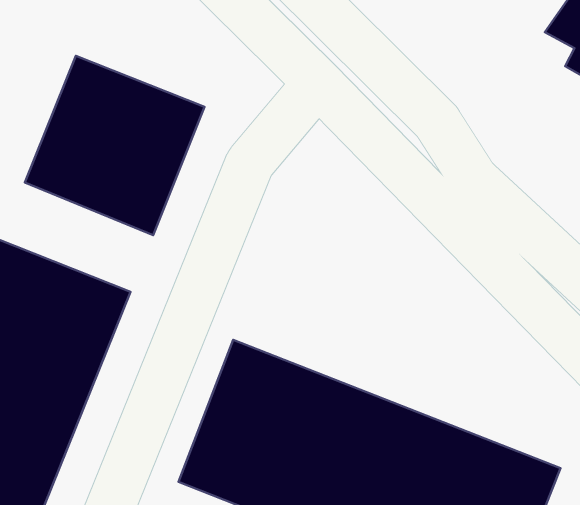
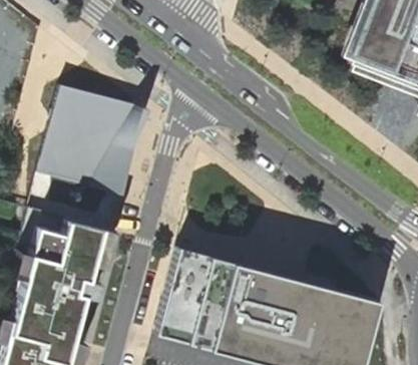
building: none -> [37,85,146,174]

